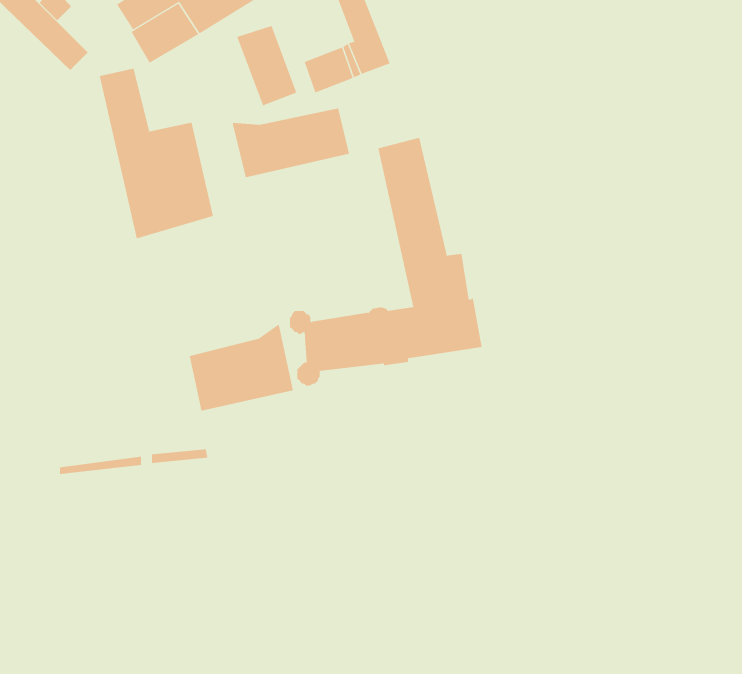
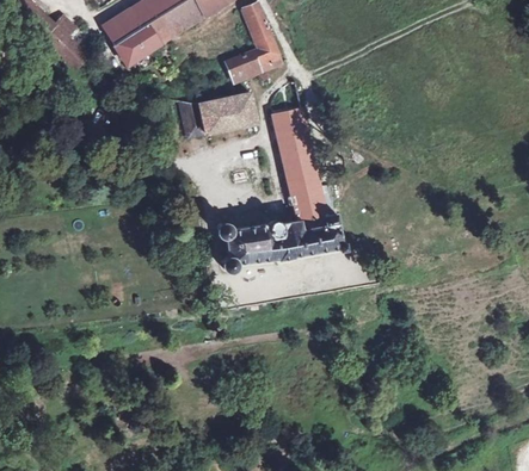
building: [236,25,296,106] -> none
building: [99,68,214,239] -> none
building: [189,324,294,412] -> none

